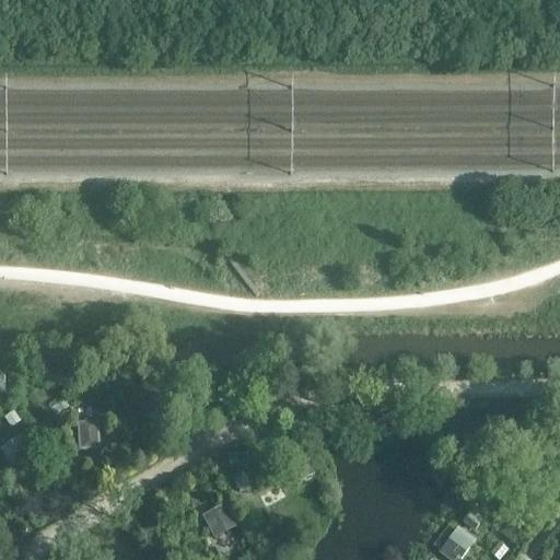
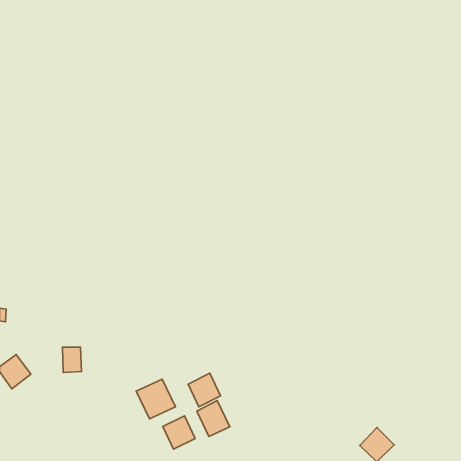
building: none -> [136,379,176,419]
building: none -> [197,401,230,436]

